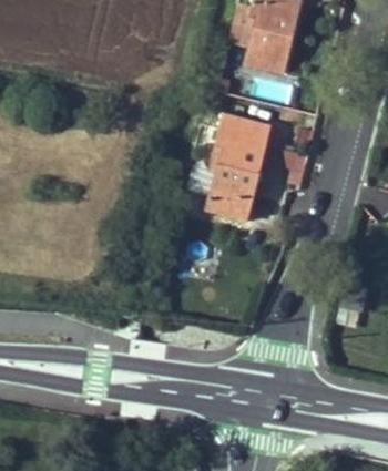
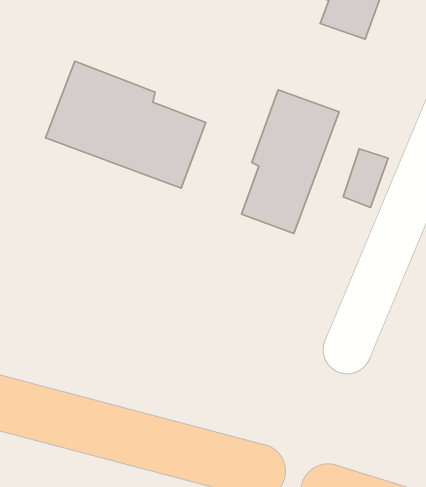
building: none -> [46,61,206,188]

